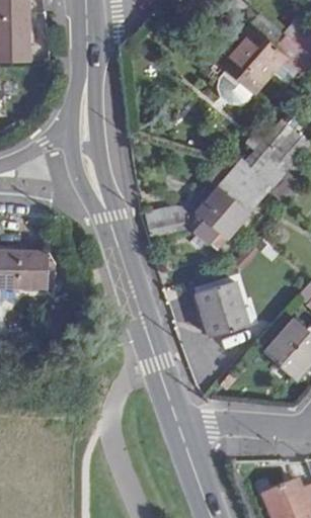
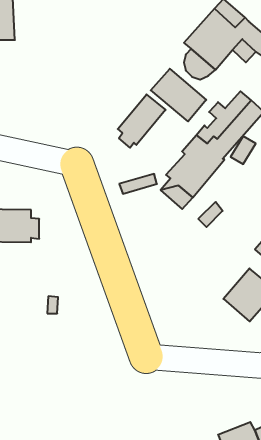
building: none -> [151,69,206,121]
building: none -> [118,94,166,148]
building: [198,284,247,339] -> none

